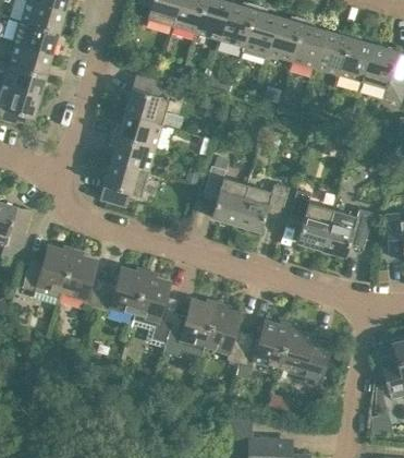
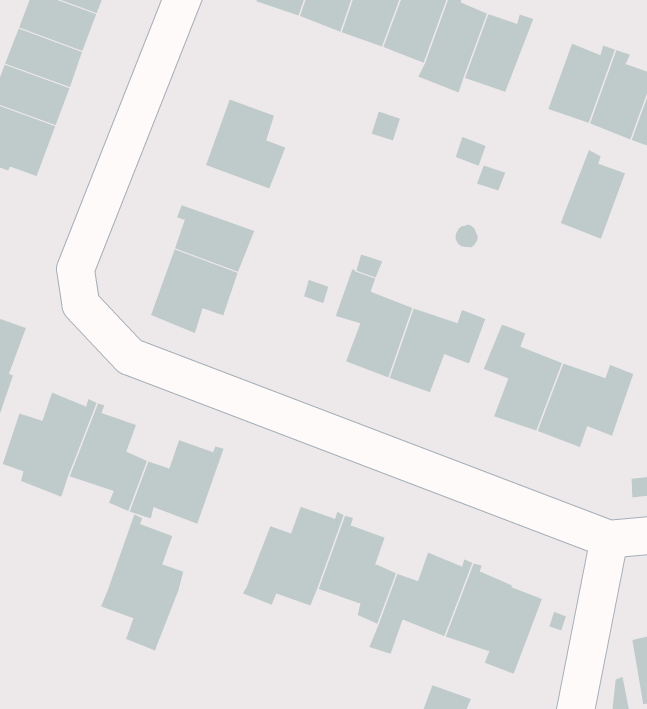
building: [291,17,326,68] -> [560,149,626,240]
building: [113,112,162,147] -> none
building: [132,270,177,347] -> [100,514,184,651]

